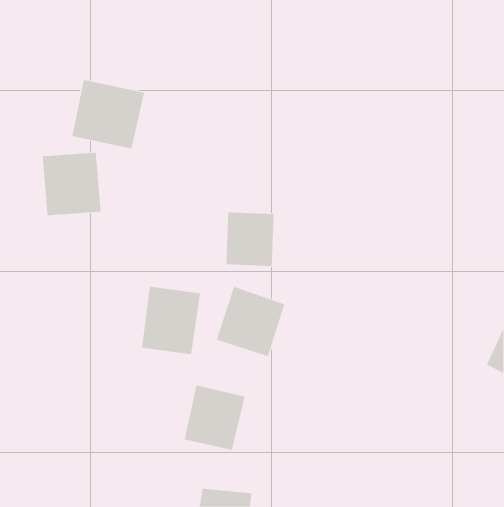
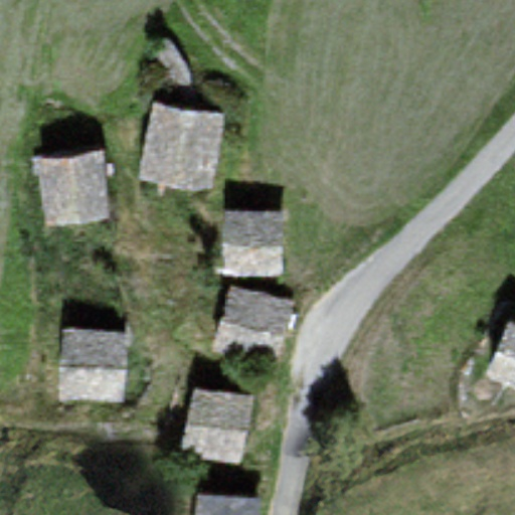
building: [71,80,145,149] -> [145,110,219,180]
building: [141,286,201,355] -> [62,330,123,399]

